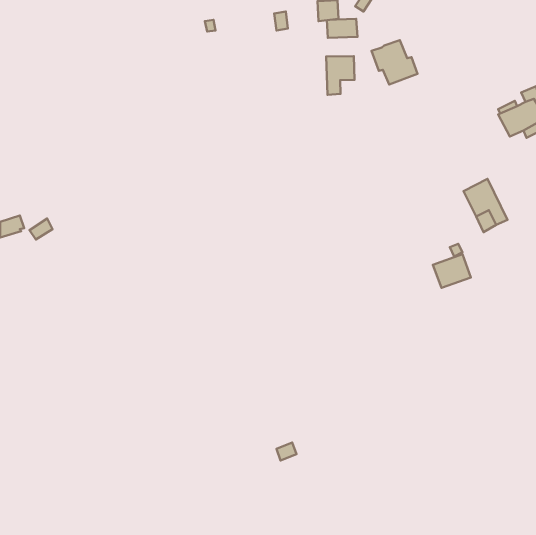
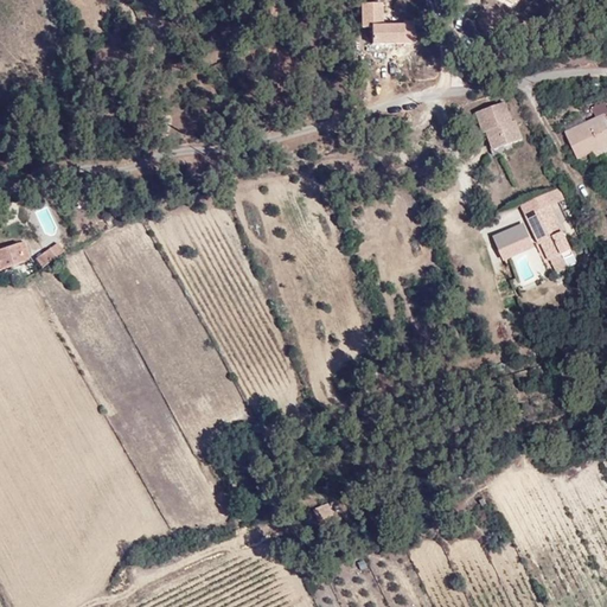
building: [371,40,418,84] -> [473,100,525,149]
building: [326,56,354,95] -> none
building: [433,254,471,288] -> [492,221,535,258]

